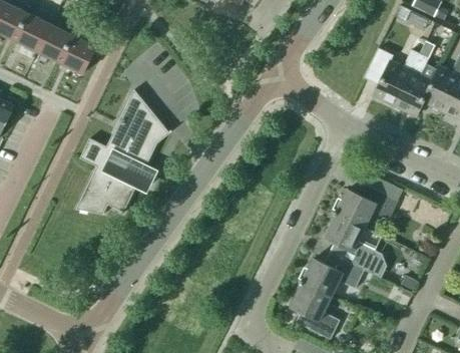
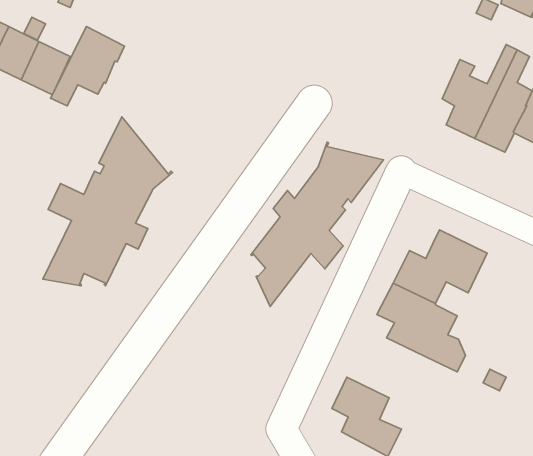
building: none -> [51,27,124,106]
building: none -> [251,142,383,307]
building: [300,253,364,297] -> none

